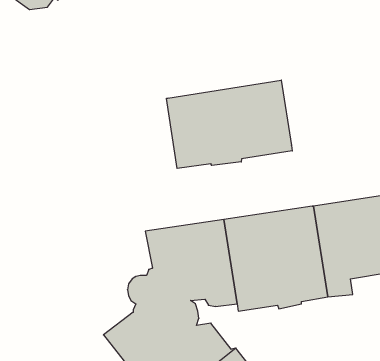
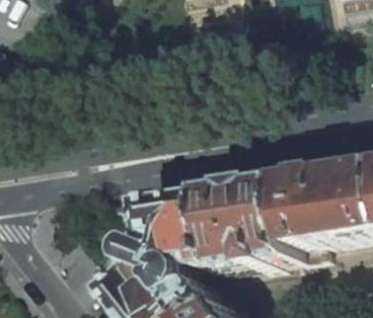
building: [166,80,292,168] -> none

